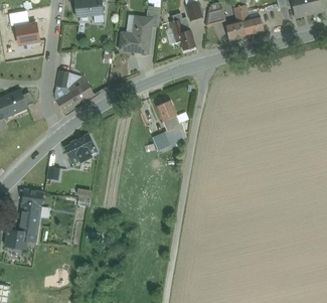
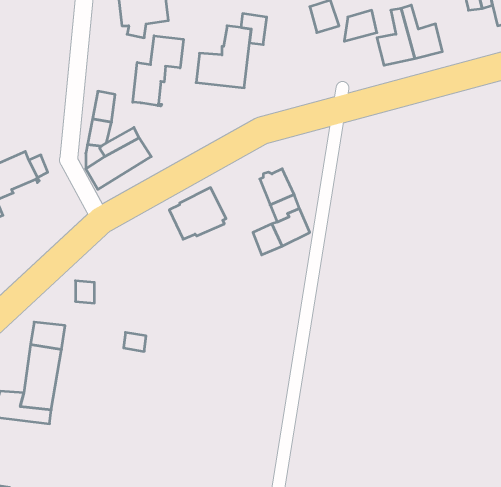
building: [169,13,194,49] -> none
building: none -> [133,36,183,106]
building: [14,23,39,44] -> none
building: [63,133,97,163] -> [169,188,226,239]

